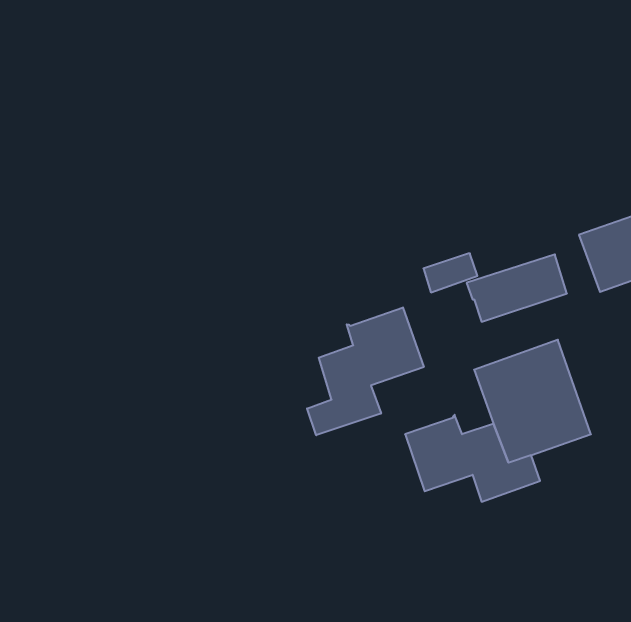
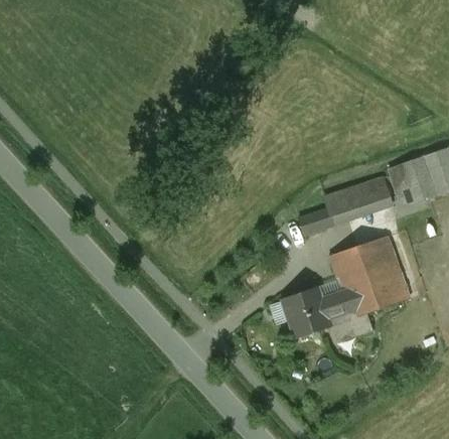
building: [423,253,477,292] -> [298,207,334,234]
building: [307,307,424,435] -> none

